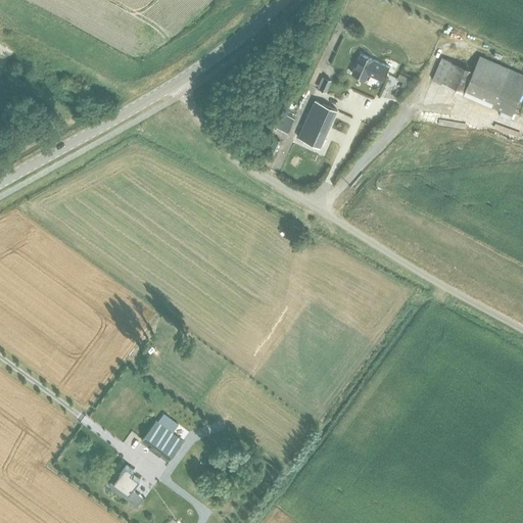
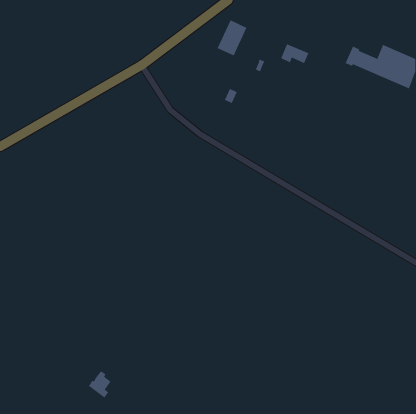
building: [298,102,337,149] -> [216,19,247,57]
building: [145,419,187,457] -> none

